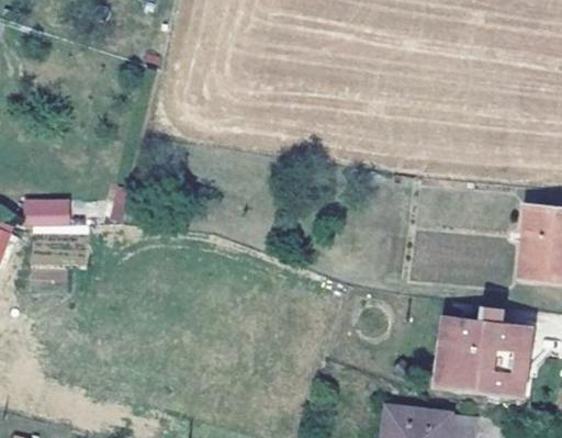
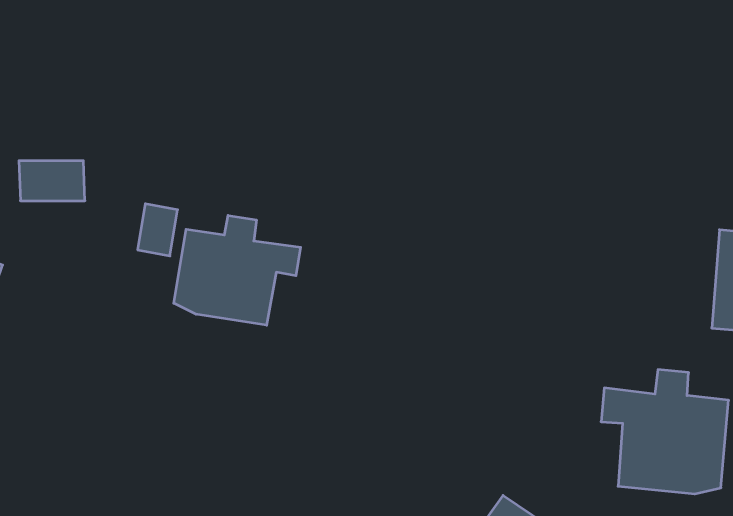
building: none -> [174,215,301,325]
building: [23,199,70,227] -> [19,161,85,201]

